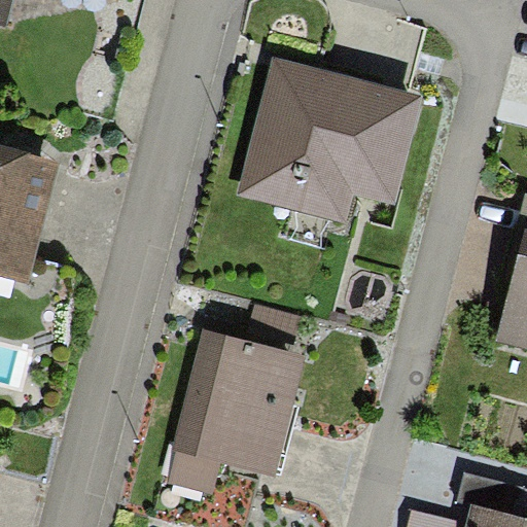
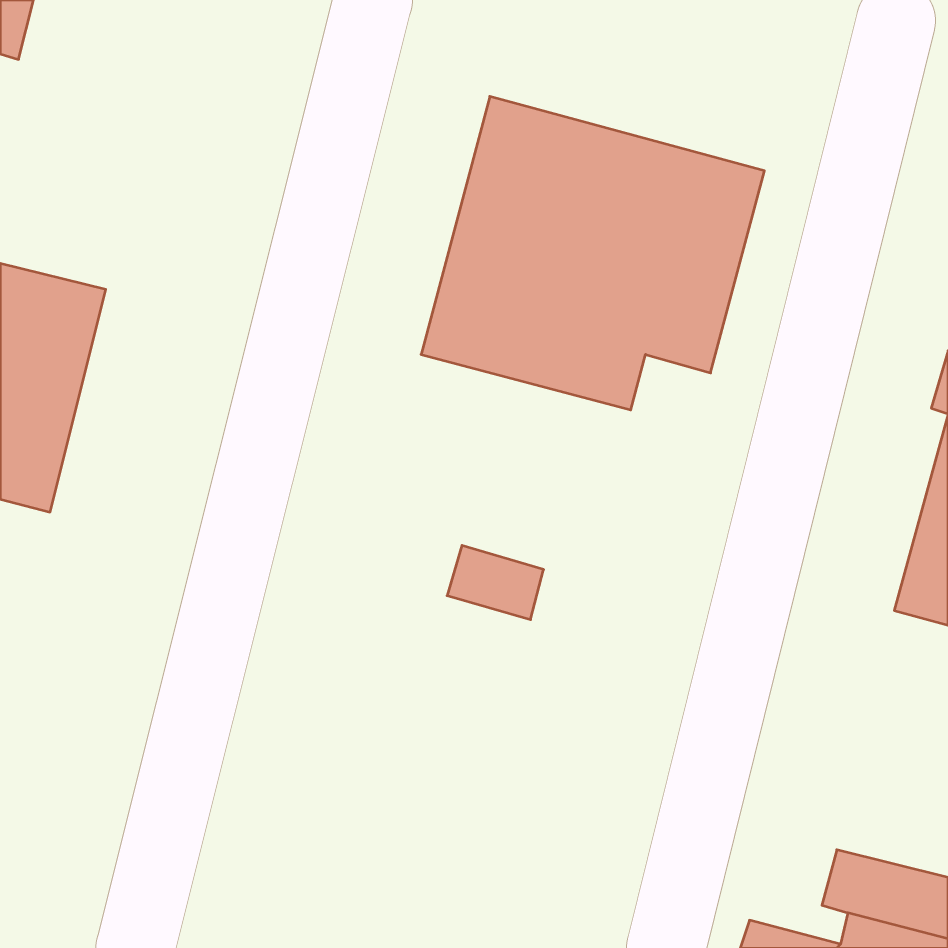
building: [168,327,309,495] -> none

